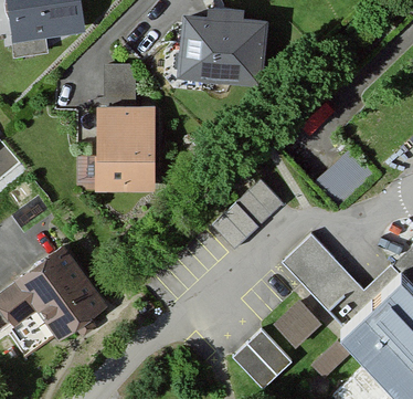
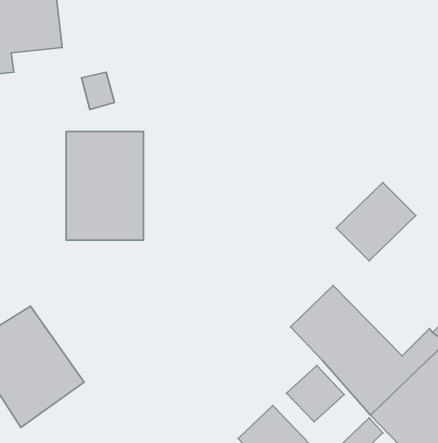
building: [180,10,266,87] -> none
building: [212,179,282,246] -> none

